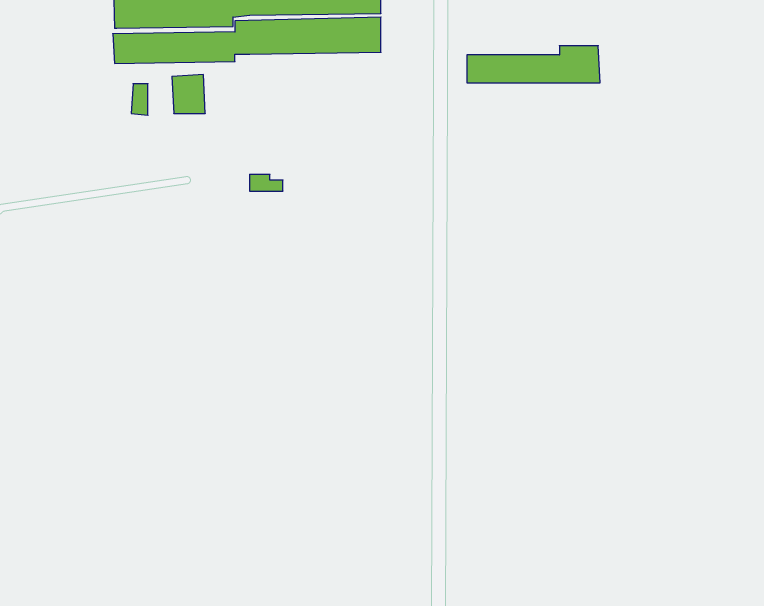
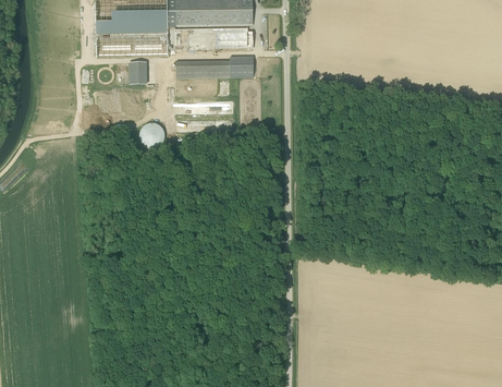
building: [467,46,600,83] -> [175,57,254,78]
building: none -> [139,123,164,148]

